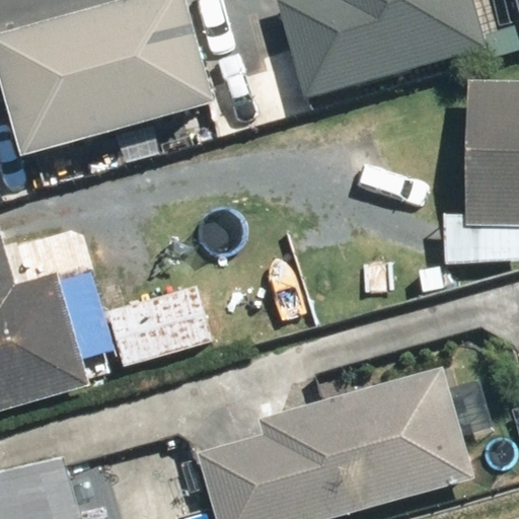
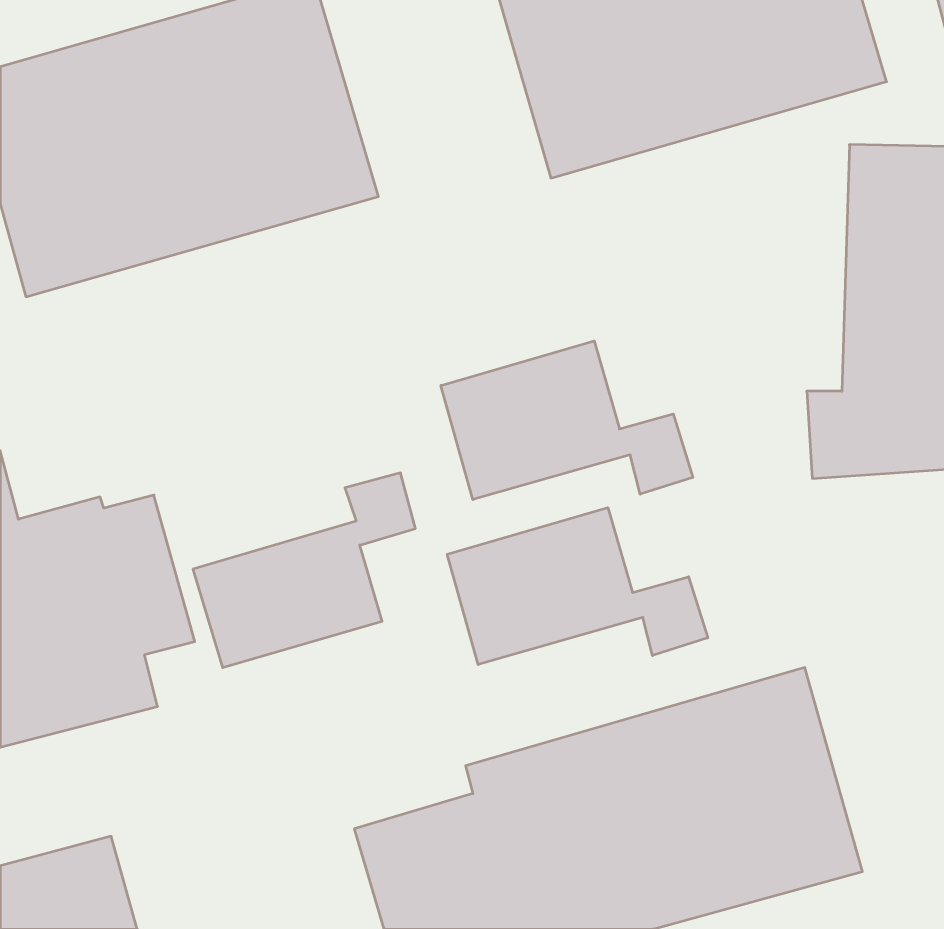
building: none -> [441,341,693,500]
building: none -> [447,508,708,665]

